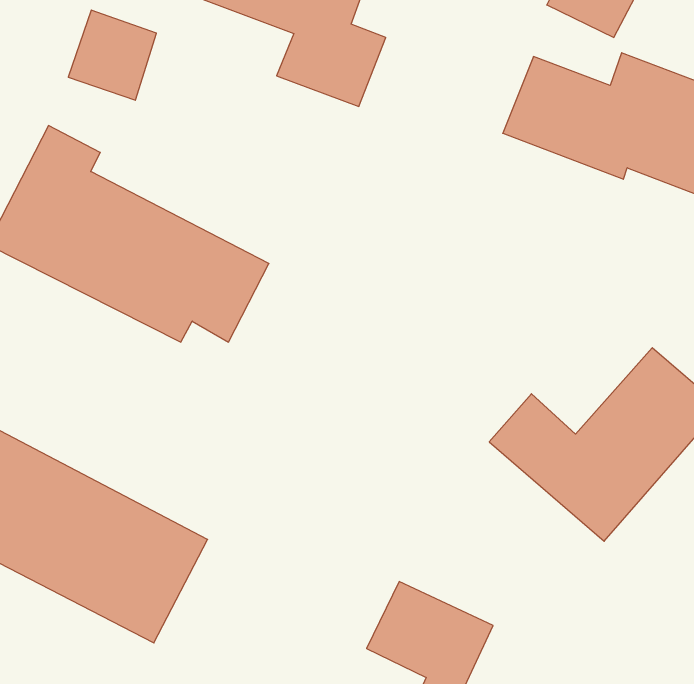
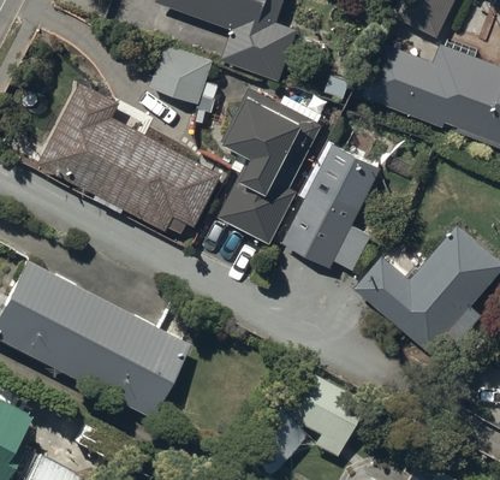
building: [68,10,156,100] -> [154,47,209,103]
building: none -> [222,94,317,241]
building: none -> [286,148,381,272]

